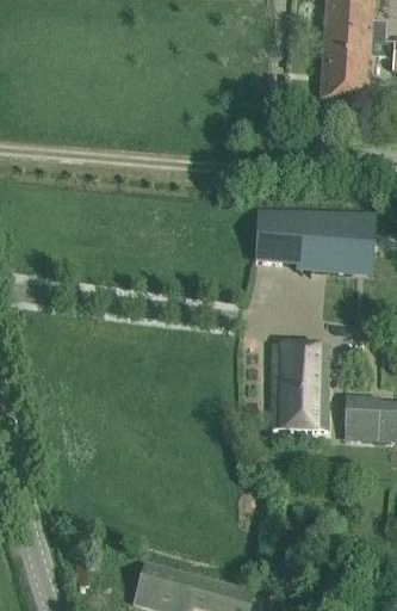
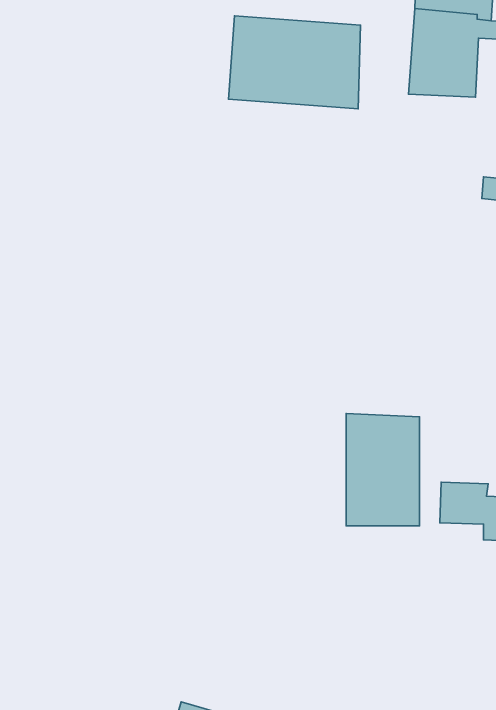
building: none -> [228,16,361,109]
building: [253,210,373,272] -> none

